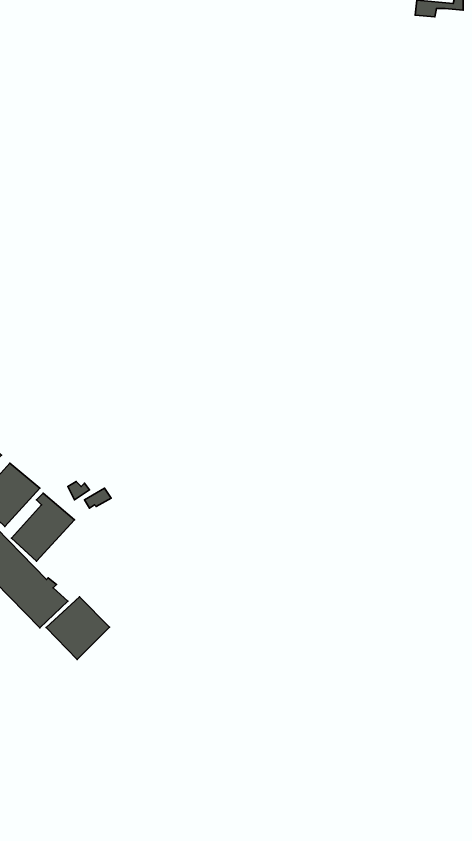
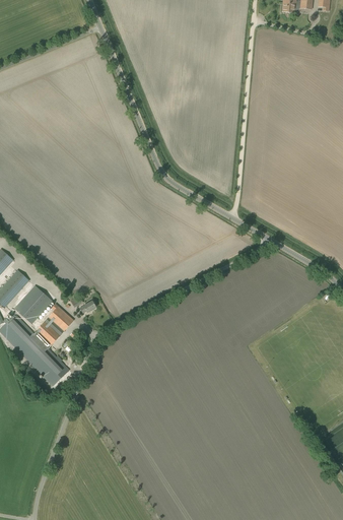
building: [46,597,109,659] -> none

